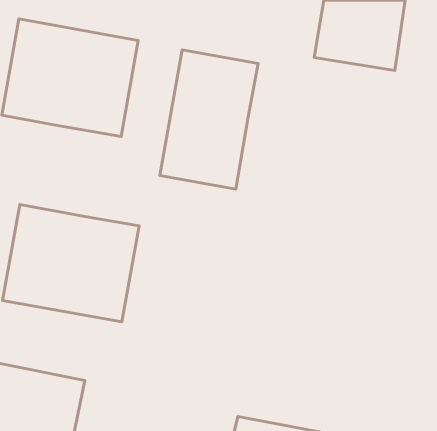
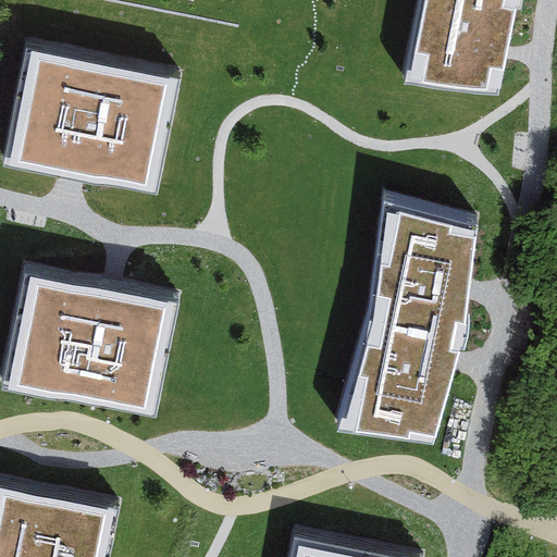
building: [160,50,258,189] -> none
building: none -> [337,187,474,442]

